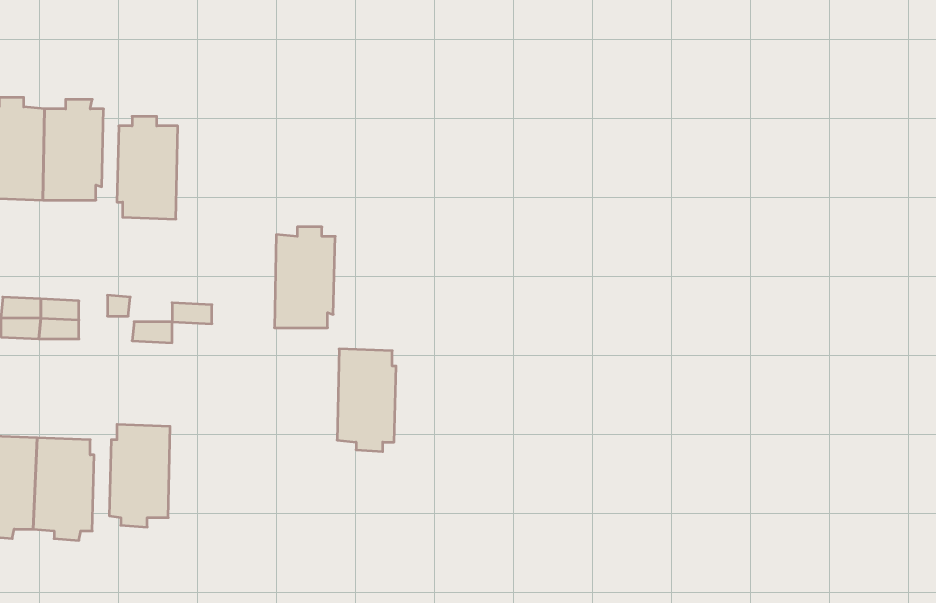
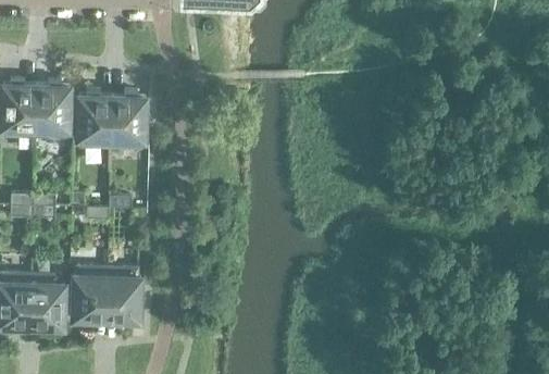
building: [274,227,335,328] -> [110,93,145,151]
building: [337,349,396,452] -> [105,270,139,328]

